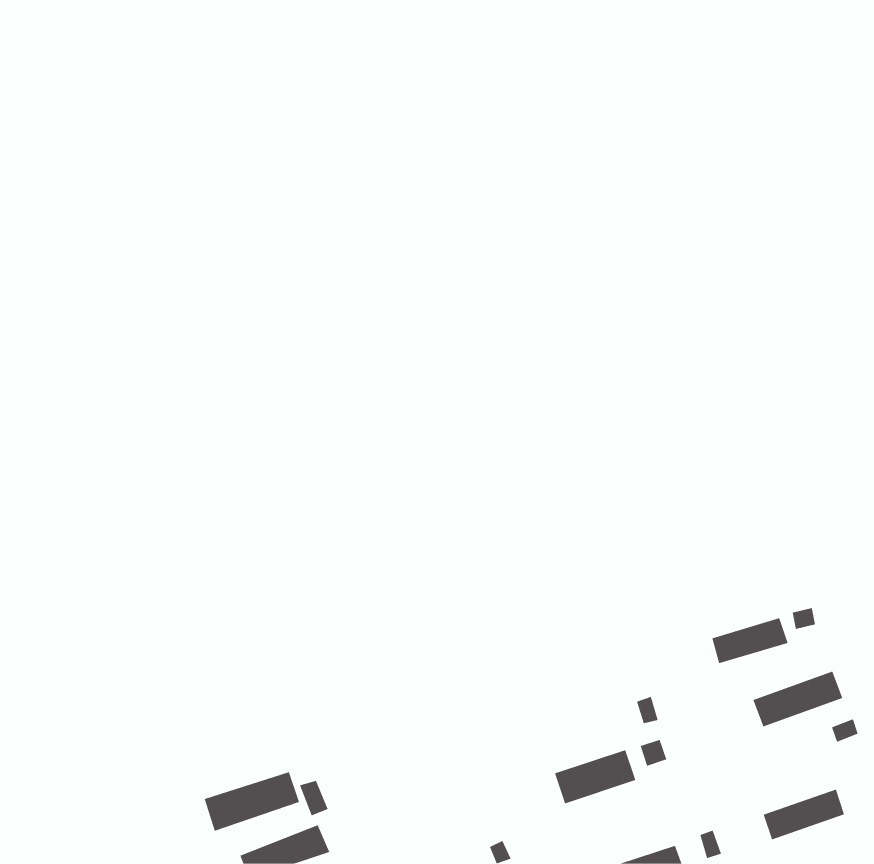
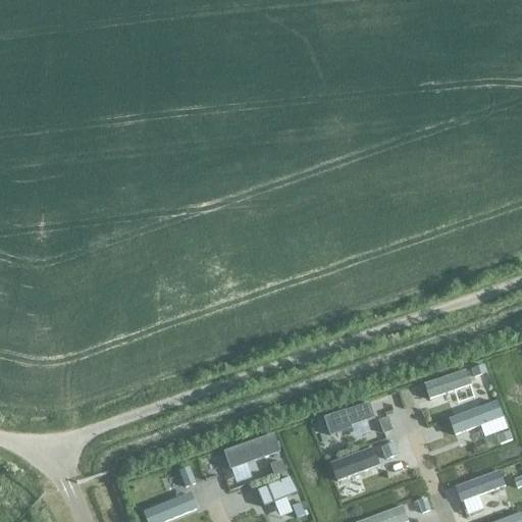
building: none -> [324,402,374,435]
building: [204,771,300,831] -> [223,433,280,469]
building: none -> [258,476,297,504]

